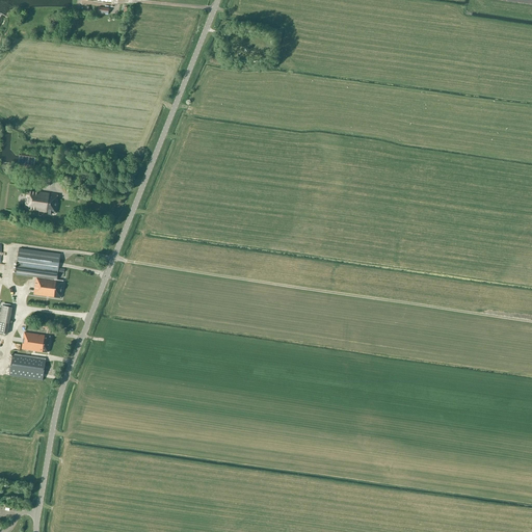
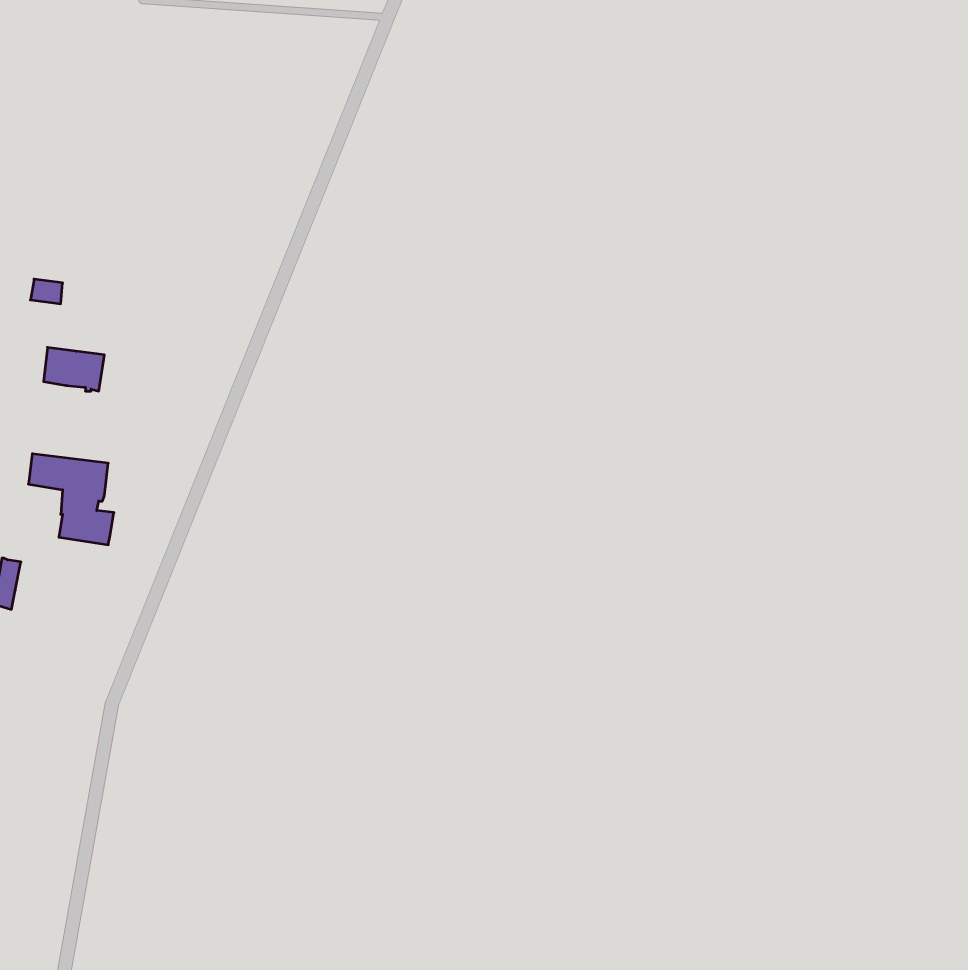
building: [8,332,49,380] -> none

